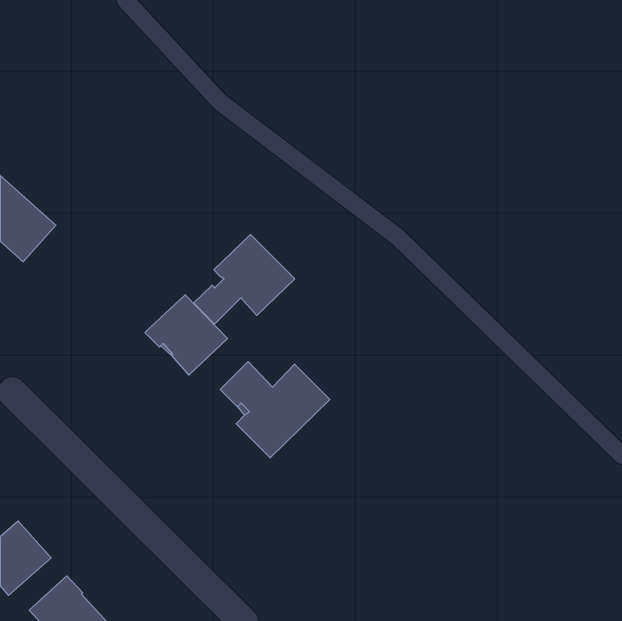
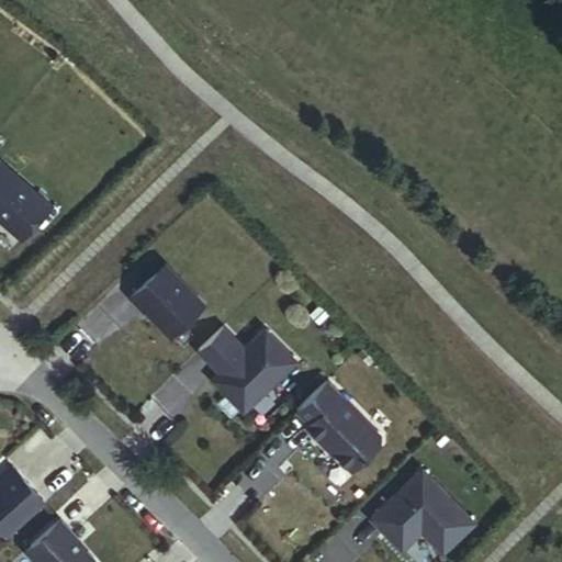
building: [194,234,295,324] -> none
building: none -> [296,382,379,472]
building: none -> [370,471,473,554]

